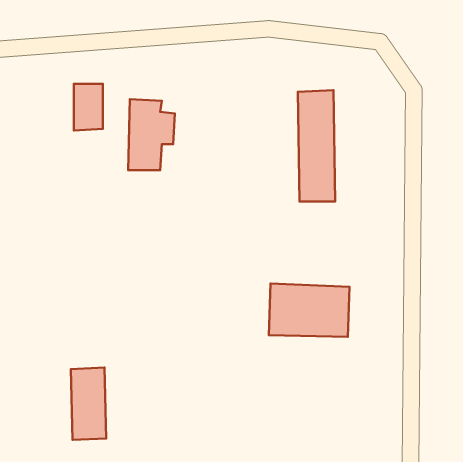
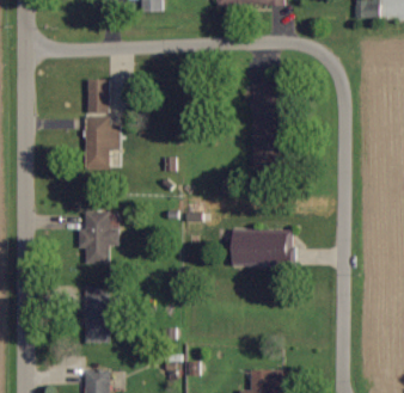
building: [128,99,175,170] -> [85,116,120,168]
building: none -> [79,211,120,264]

